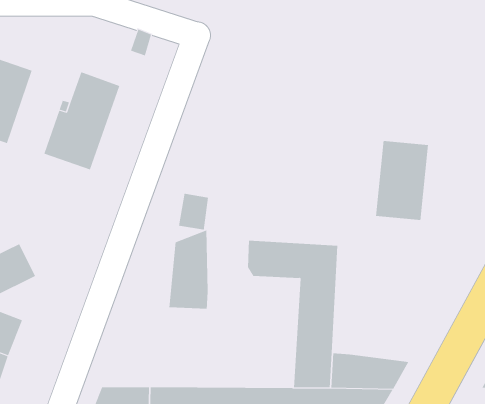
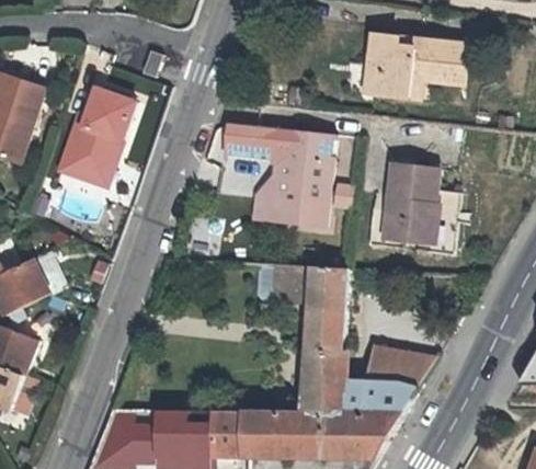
building: none -> [372,36,468,96]
building: none -> [228,123,338,229]
building: [169,229,208,310] -> none
building: none -> [362,345,437,385]

